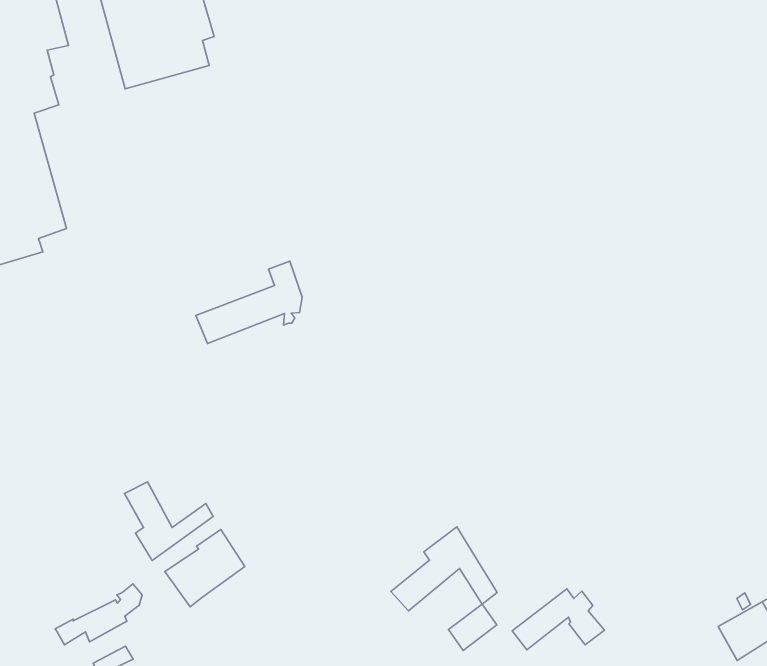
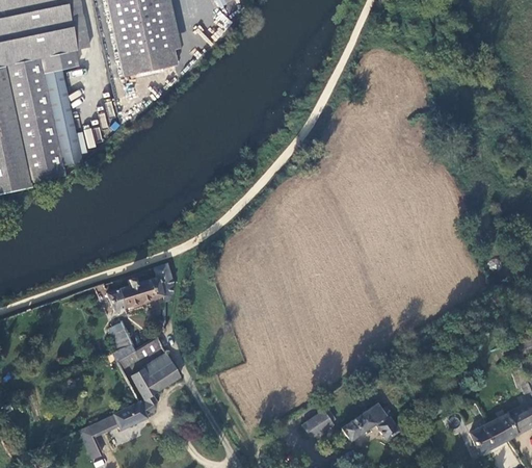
building: [196,261,302,343] -> [106,264,172,312]
building: [391,527,497,611] -> none
building: [55,584,142,645] -> [100,395,155,431]

